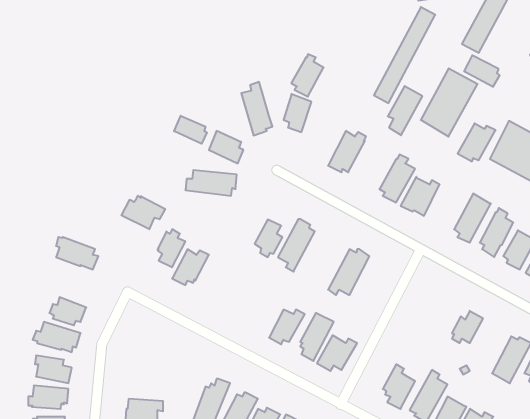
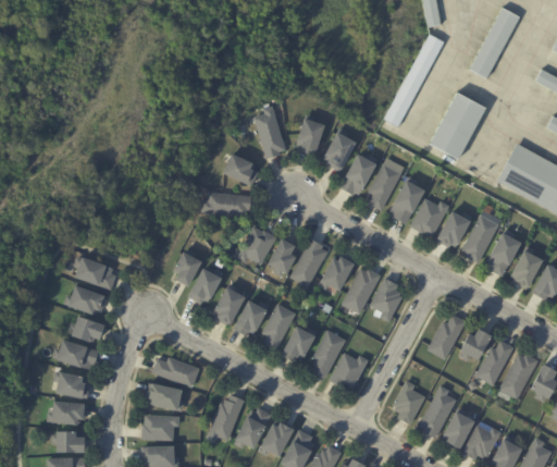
building: [291,54,324,97] -> [324,127,356,169]
building: [464,55,500,87] -> none
building: [388,86,422,135] -> [369,161,403,209]
building: [174,116,207,144] -> none
building: [458,123,496,161] -> [436,209,473,246]
building: [121,196,165,229] -> none
building: none -> [237,226,276,262]
building: none -> [320,256,354,290]
building: none -> [371,276,403,320]
building: none -> [64,285,107,312]
building: none -> [213,286,245,324]
building: none -> [234,299,270,334]
building: none -> [263,303,296,351]
building: none -> [429,314,466,358]
building: none -> [476,340,513,384]
building: none -> [153,356,200,386]
building: none -> [149,383,184,409]

